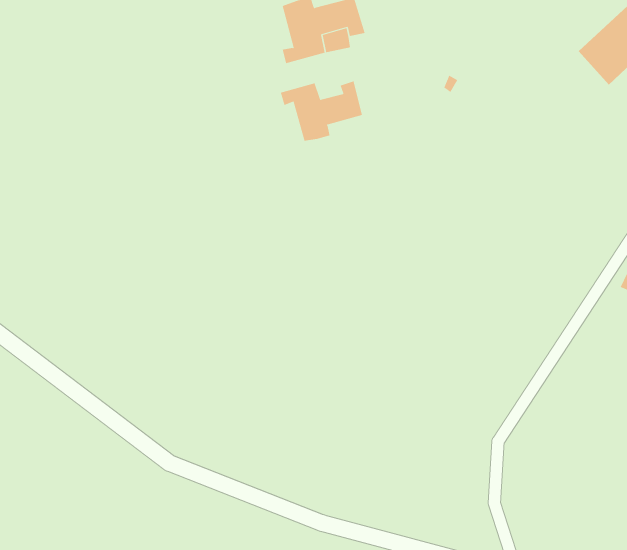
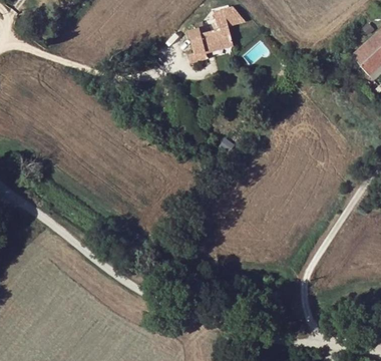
building: [280,81,362,142] -> none

